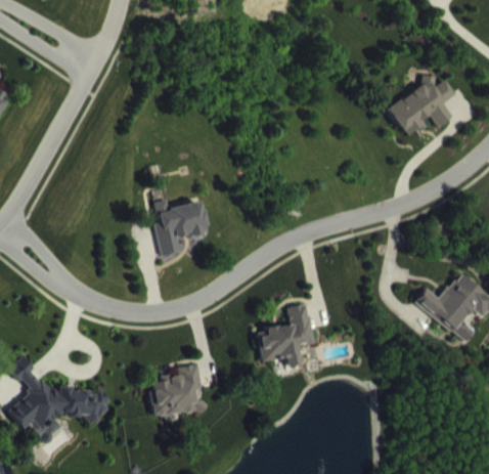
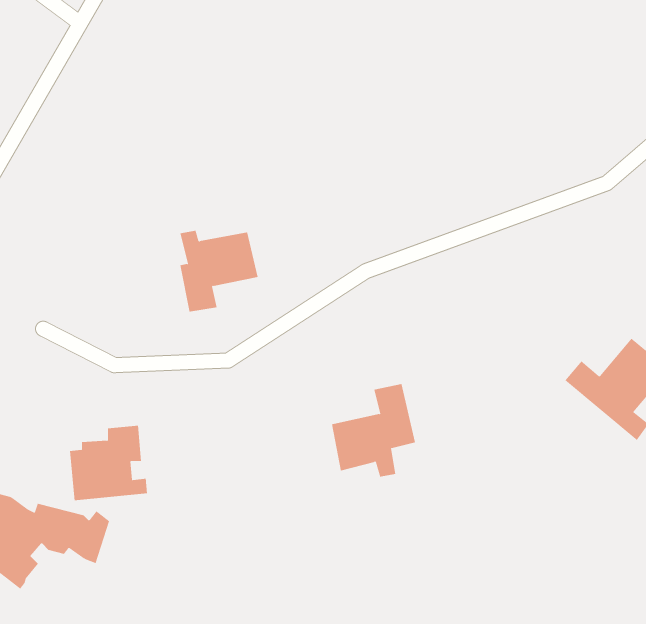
building: [388,74,455,137] -> none
building: [151,364,205,416] -> [69,425,148,501]

